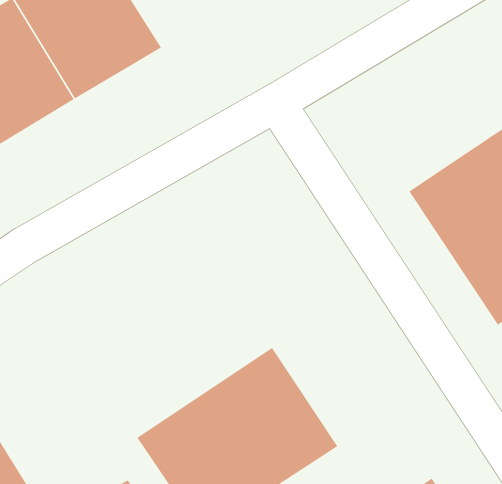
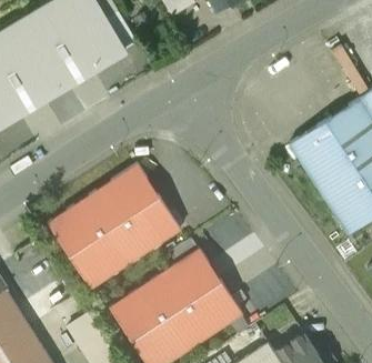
building: none -> [48,165,180,290]

